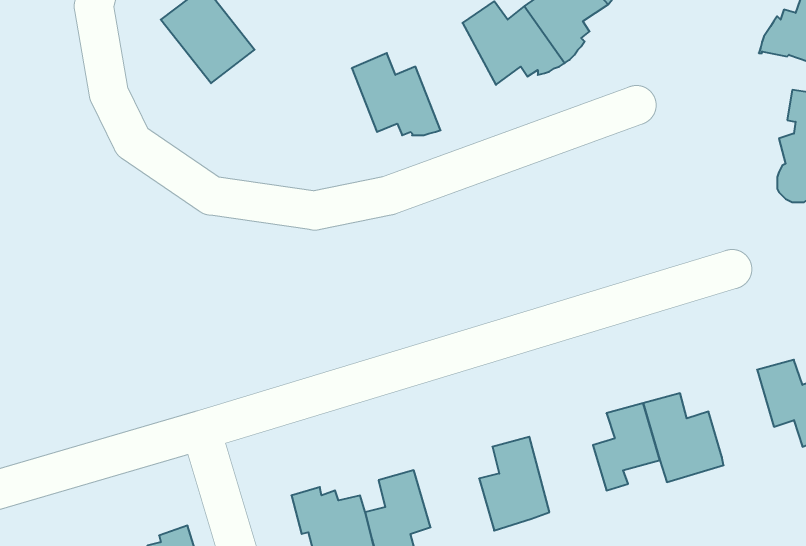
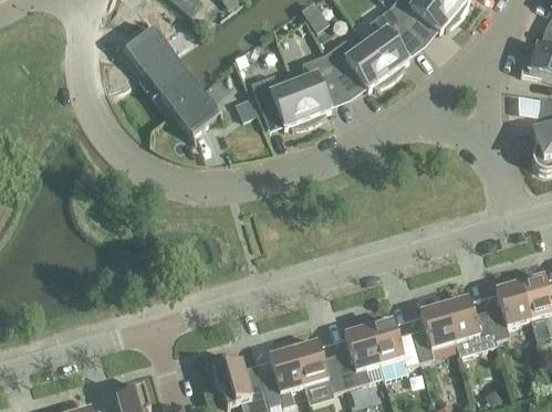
building: none -> [293,53,346,124]
building: none -> [158,71,219,135]
building: none -> [487,282,530,339]
building: none -> [368,319,419,379]
building: none -> [292,341,345,392]

